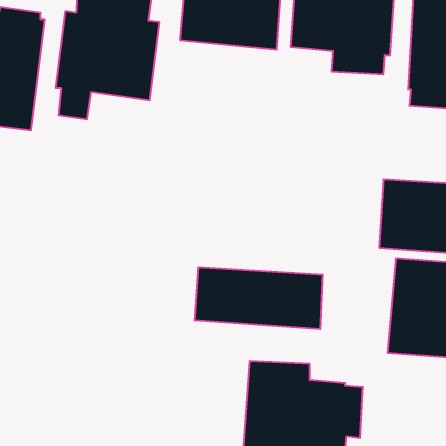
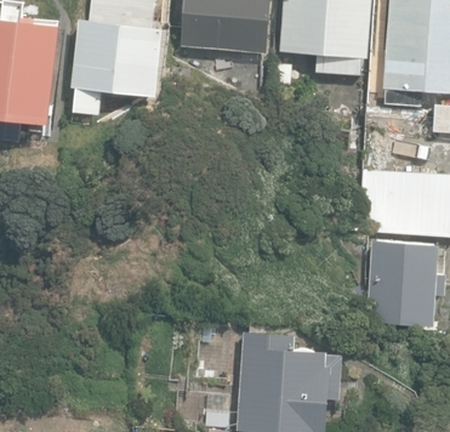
building: [195,267,323,329] -> none

